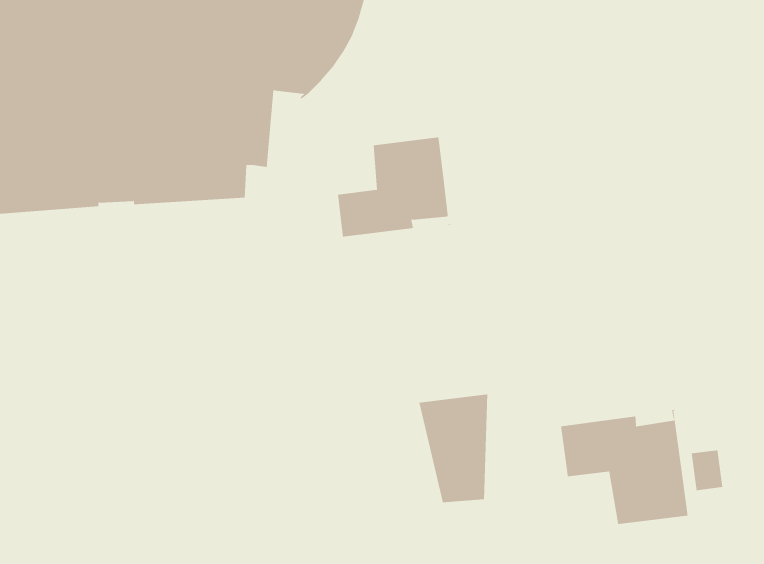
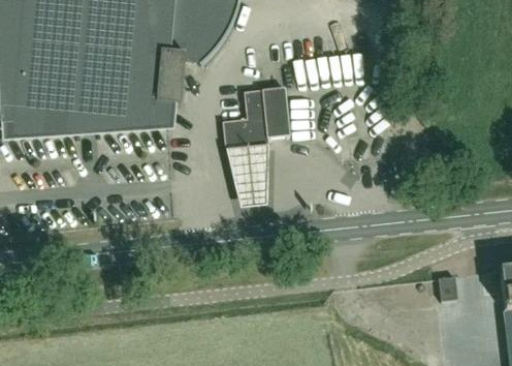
building: [418,394,488,503] -> [225,142,267,208]
building: [560,409,688,525] -> none

